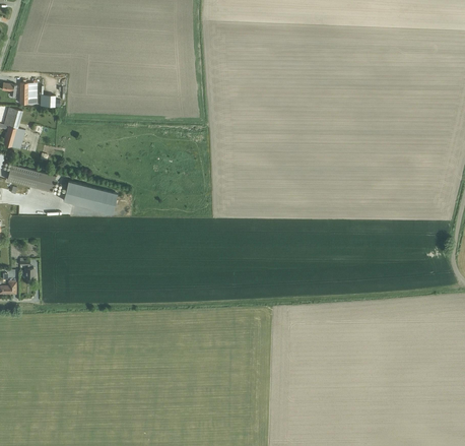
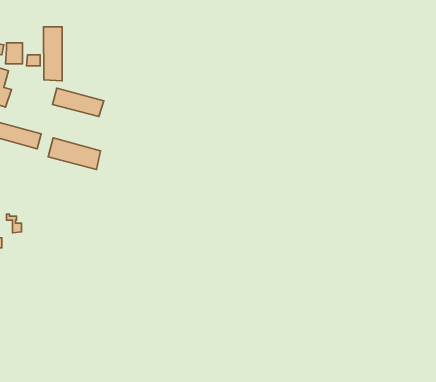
building: none -> [44,27,62,81]
building: none -> [52,88,104,117]

